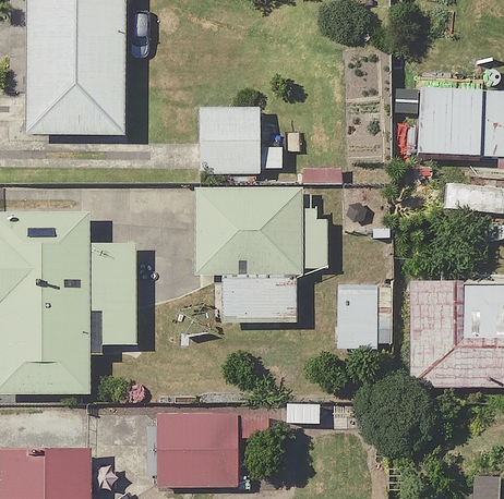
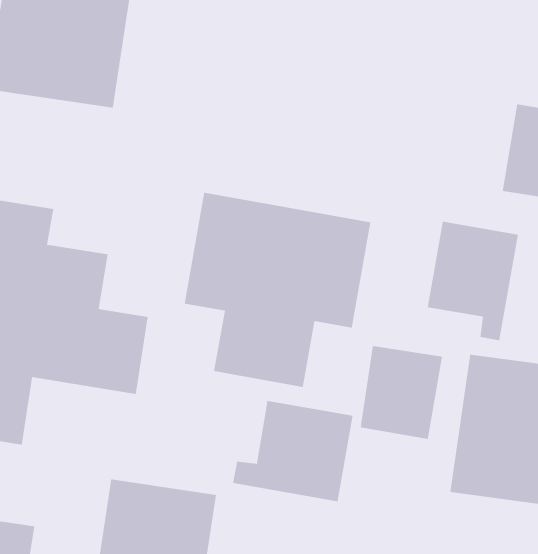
building: [199,107,281,172] -> none
building: none -> [427,221,519,341]
building: none -> [232,400,353,502]

